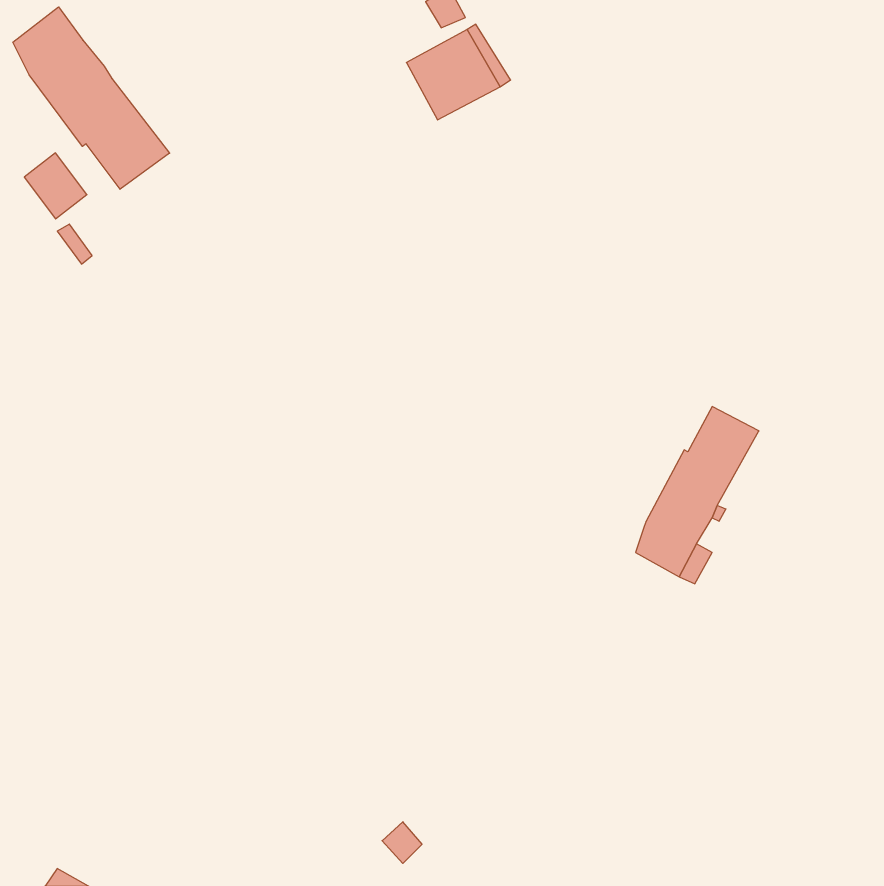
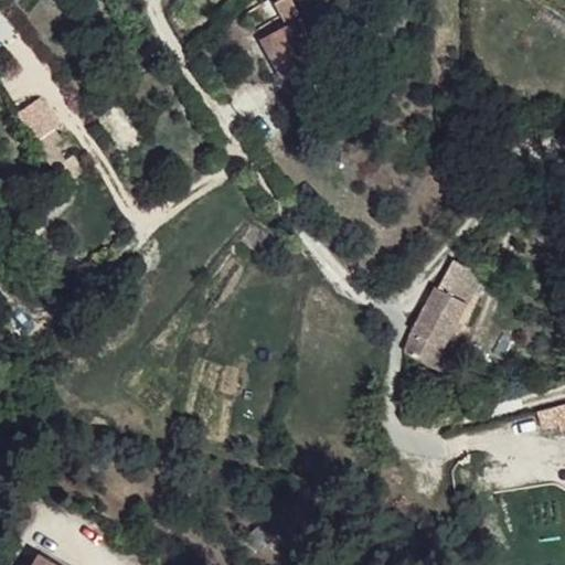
building: [13,7,170,189] -> none

